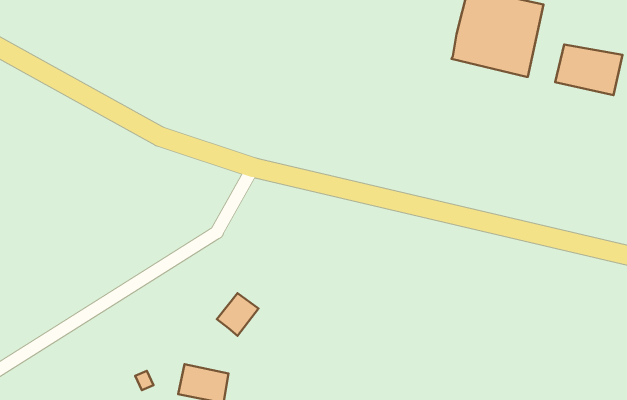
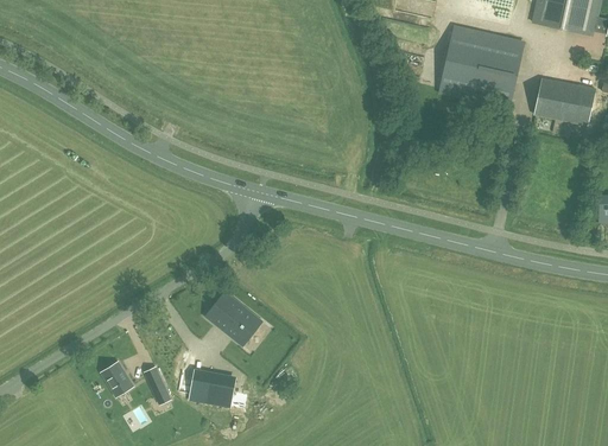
building: none -> [205,291,243,330]
building: none -> [102,362,133,395]

